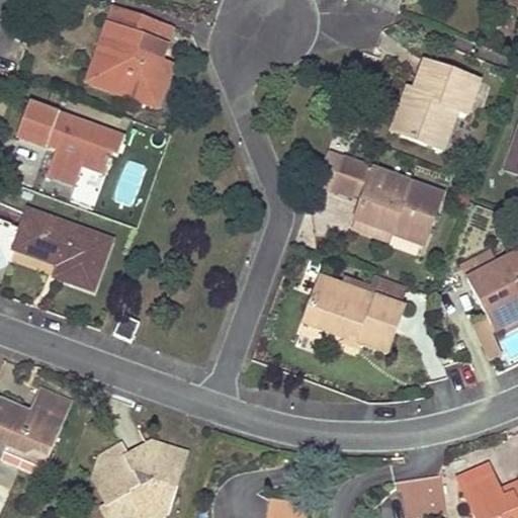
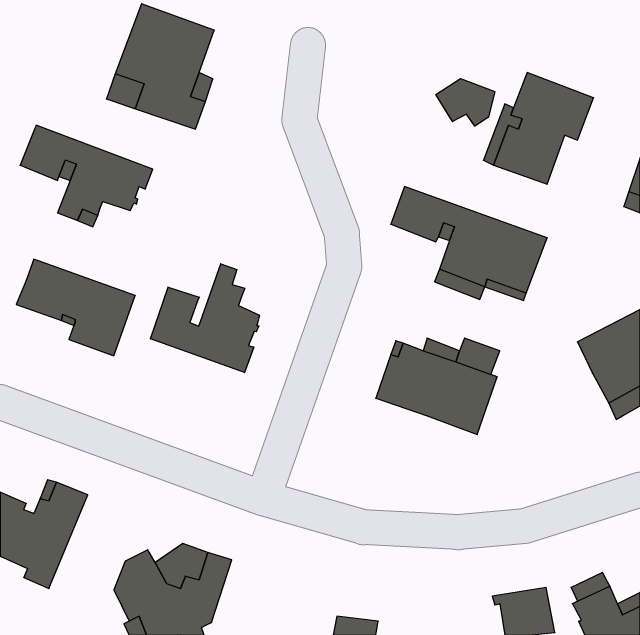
building: none -> [436,79,495,126]
building: none -> [151,264,260,373]

